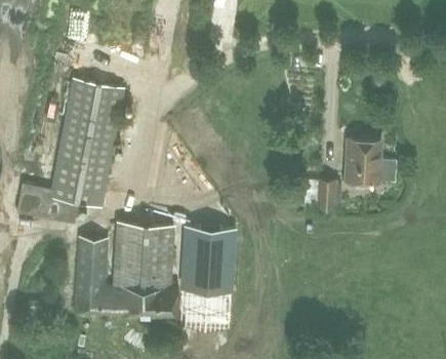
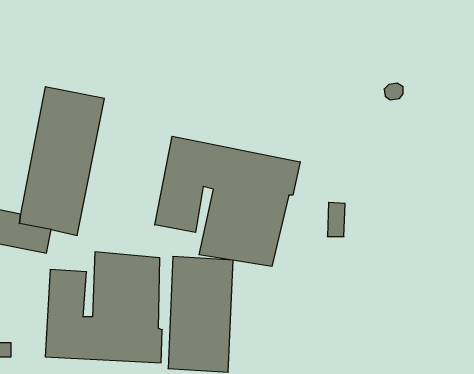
building: none -> [155,136,300,266]
building: [346,137,395,183] -> none

